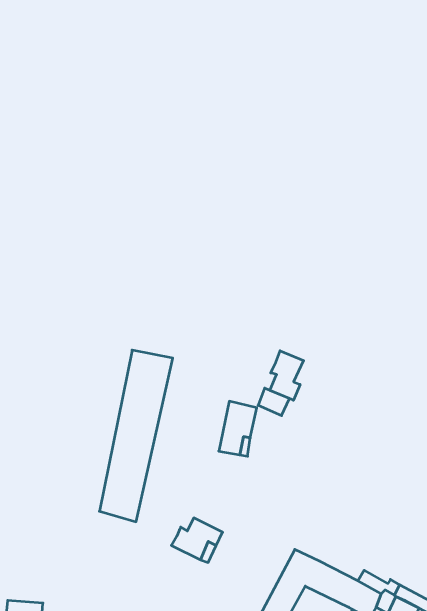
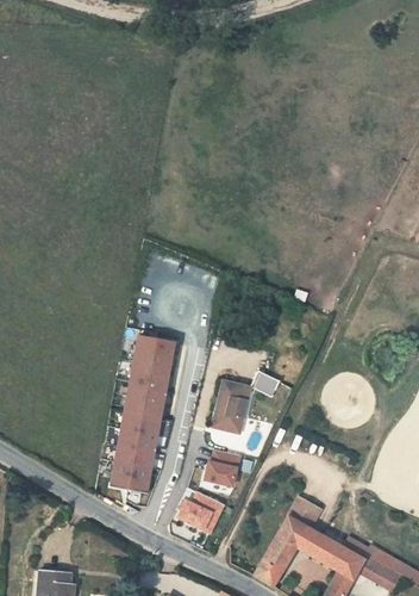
building: [270,351,304,400] -> none
building: none -> [202,449,238,486]
building: none -> [287,502,319,530]

